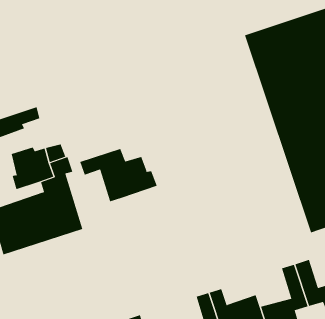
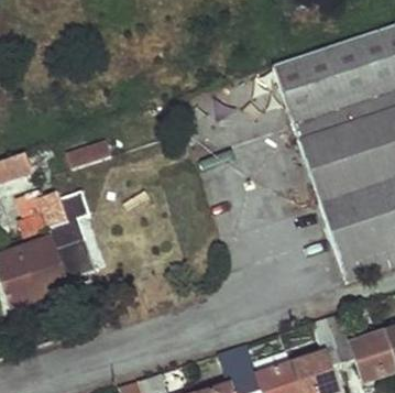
building: [80,148,157,202] -> none

